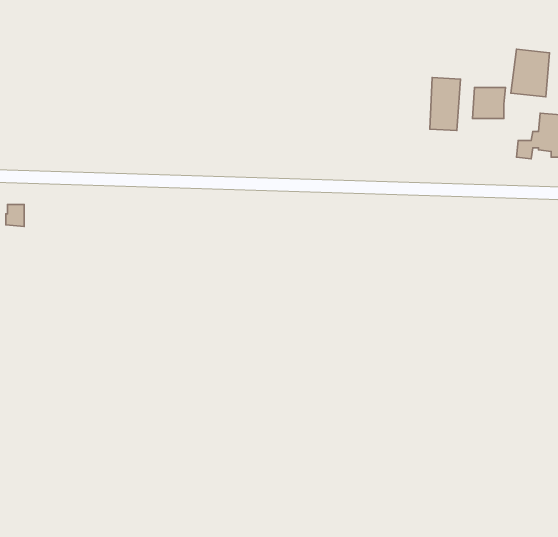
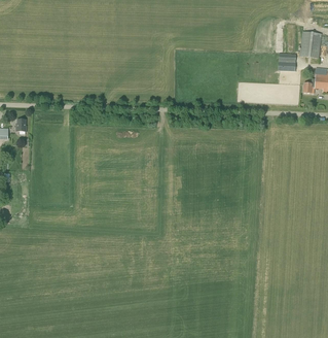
building: [430,78,460,130] -> none

